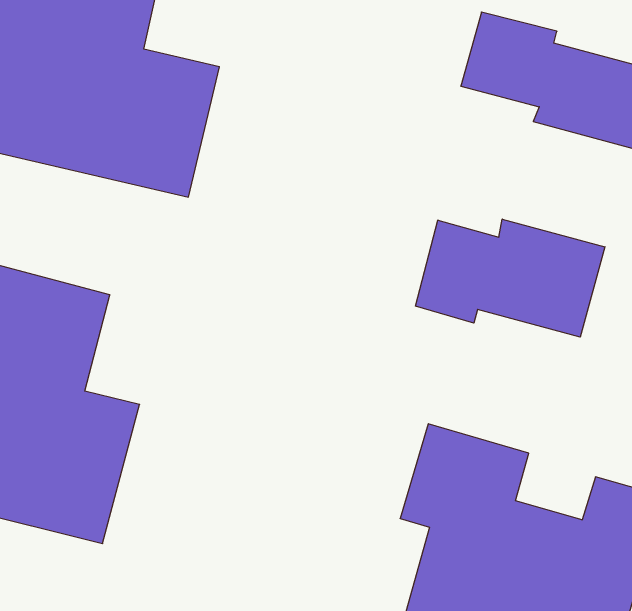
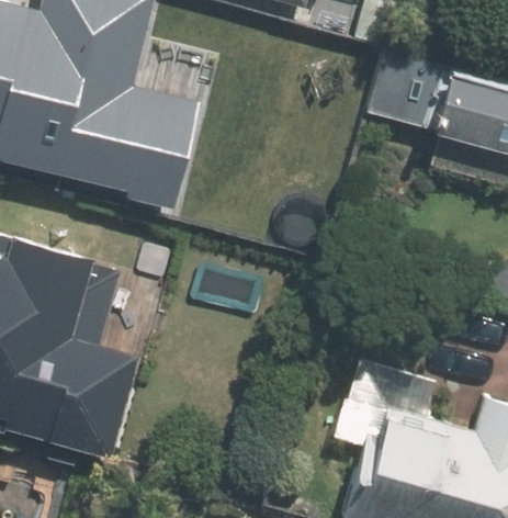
building: [415,219,605,337] -> none

